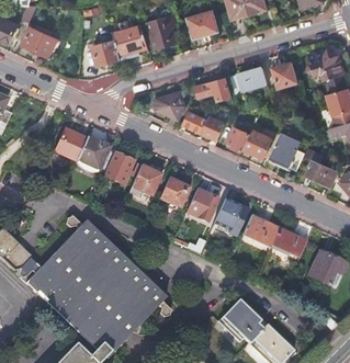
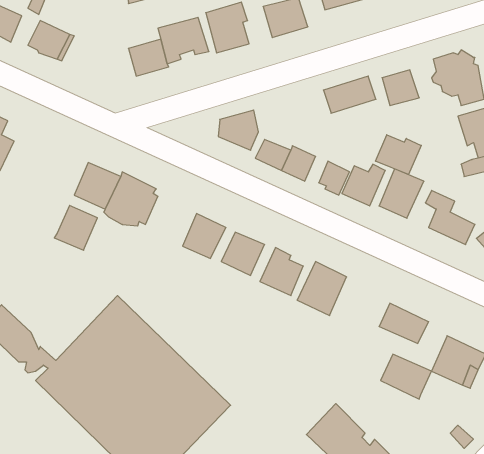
building: [195,77,230,100] -> none
building: none -> [376,135,421,174]
building: [102,151,133,183] -> [54,205,97,250]
building: [241,215,278,247] -> [381,354,432,399]

